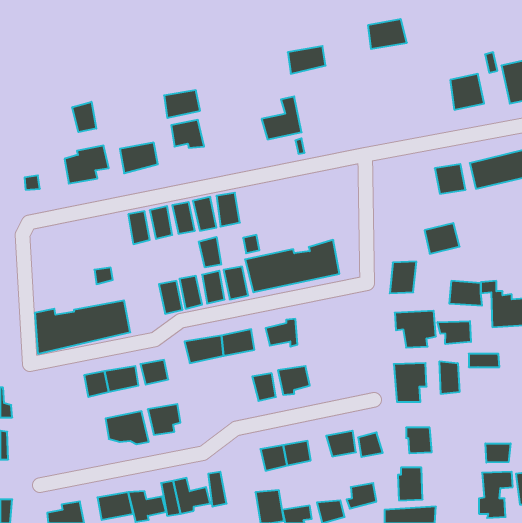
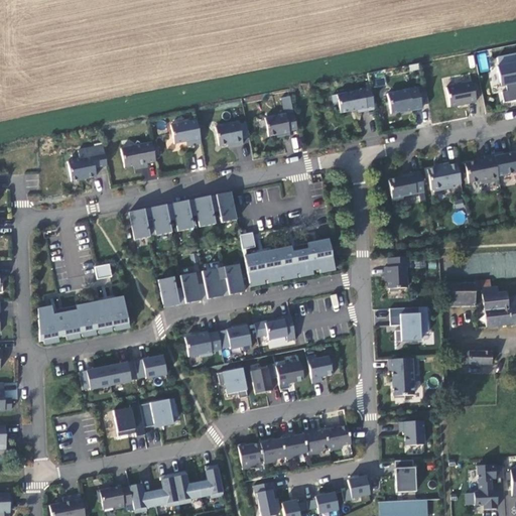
building: [368,19,407,49] -> [386,86,424,115]
building: [288,46,326,74] -> [337,87,374,114]
building: [164,90,200,118] -> [216,120,251,147]
building: [72,102,96,132] -> none
building: [425,223,460,254] -> [391,170,425,201]
building: [199,237,221,267] -> none
building: [438,321,471,344] -> none
building: none -> [307,355,335,383]
building: [440,361,459,394] -> none
building: none -> [221,368,249,397]
building: [358,432,383,457] -> [304,428,329,453]
building: [485,443,511,463] -> none
building: none -> [238,441,263,470]

